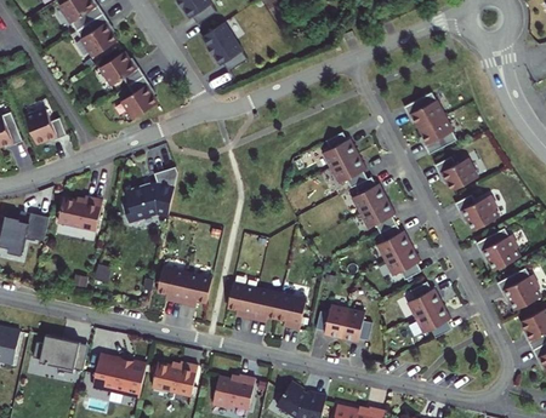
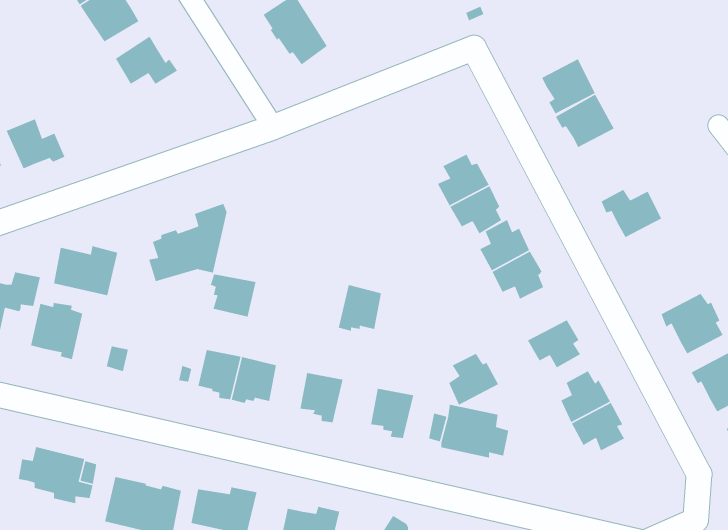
building: [121,75,157,119] -> none
building: [419,115,456,154] -> [541,58,596,115]
building: [454,194,499,230] -> none
building: none -> [210,273,257,318]
building: [376,224,411,260] -> [448,353,499,406]
building: none -> [30,302,83,360]
building: [250,287,280,320] -> [338,284,382,332]

